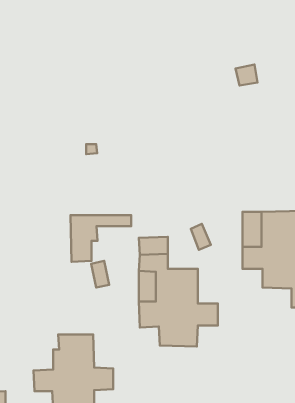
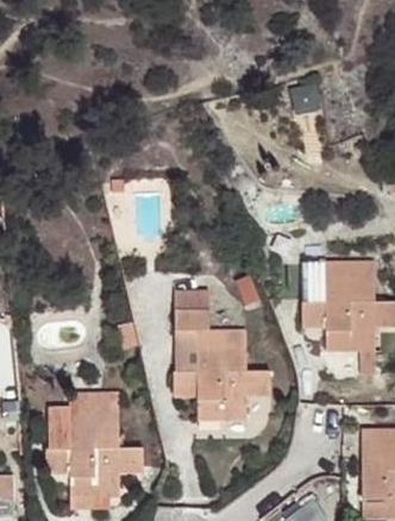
building: [70,215,131,262] -> [46,394,119,450]

